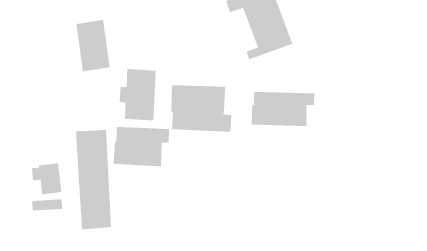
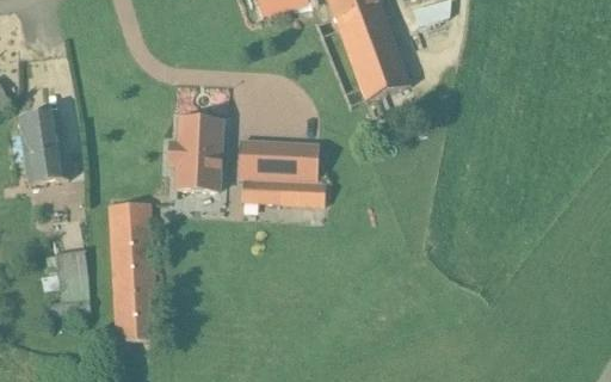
building: [75,19,111,72] -> [18,109,67,181]
building: [251,91,315,127] -> none
building: [113,126,170,167] -> none

